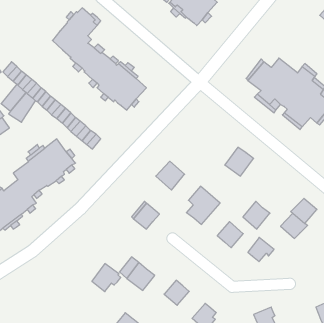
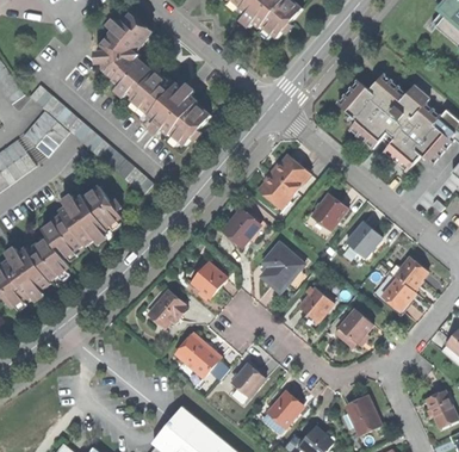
building: none -> [263,145,312,197]
building: [243,201,270,229] -> [346,221,380,256]
building: [92,264,121,292] -> [149,292,186,328]

